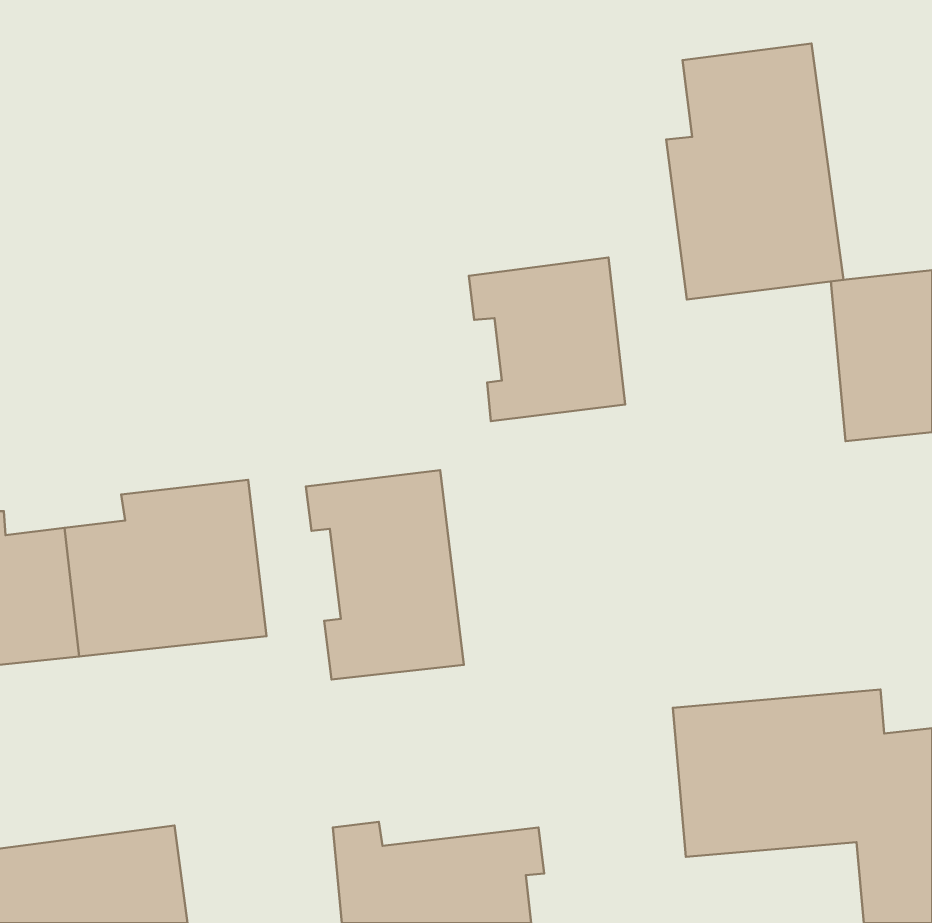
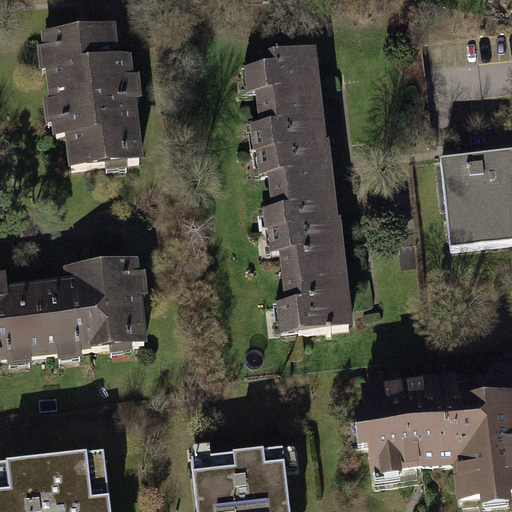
building: [666,43,844,300] -> none
building: none -> [42,33,136,170]
building: none -> [244,46,331,150]
building: [306,470,464,680] -> [267,220,353,334]

